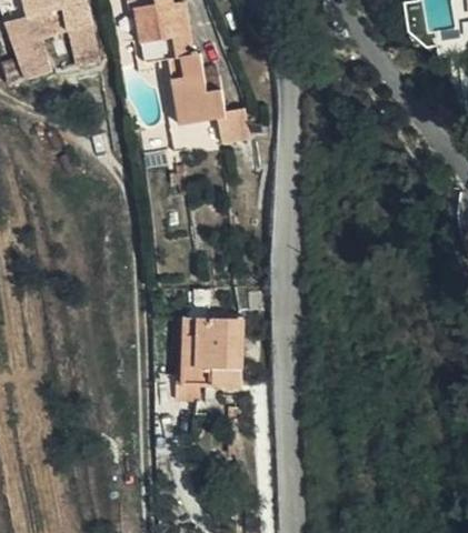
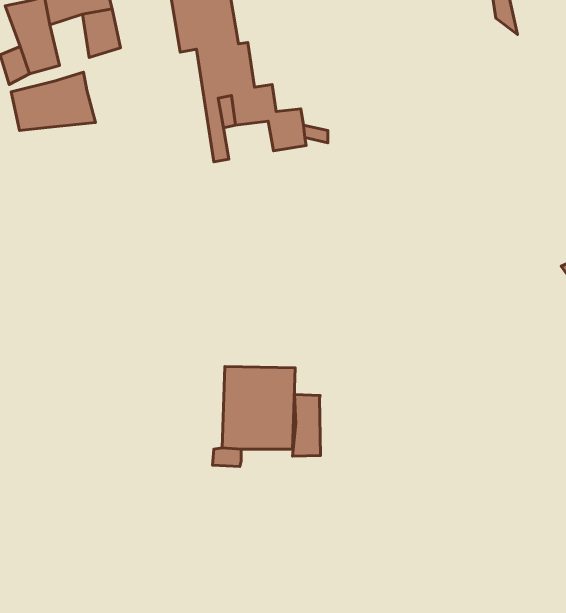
building: none -> [11,72,96,131]
building: none -> [292,394,320,456]

